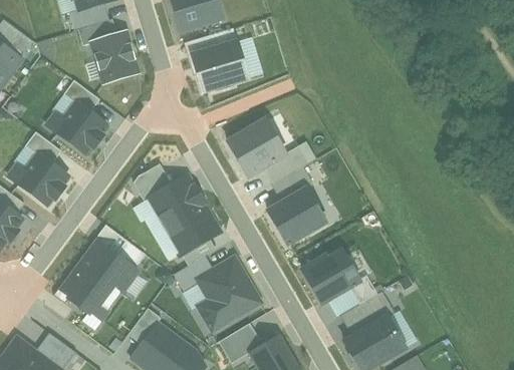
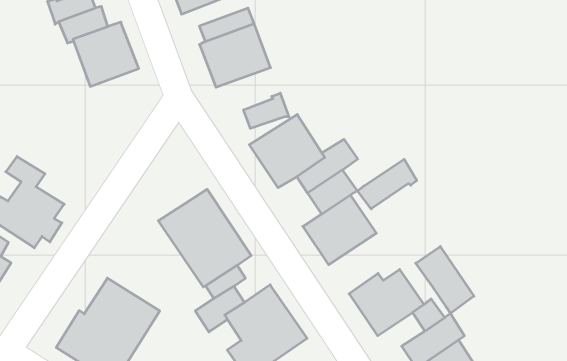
building: [45,83,109,159] -> none
building: none -> [244,93,289,128]
building: none -> [358,159,417,209]
building: [134,162,171,198] -> none
building: none -> [416,246,474,313]

